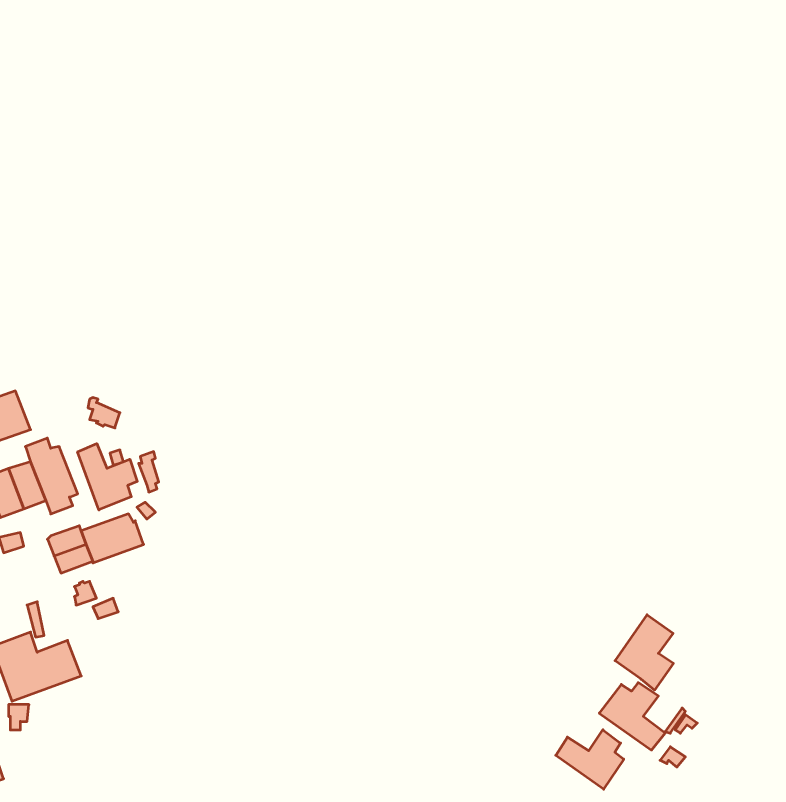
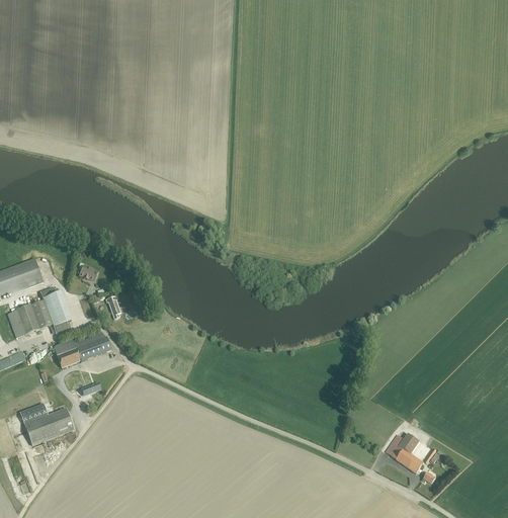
building: [78,444,137,510] -> none
building: [615,615,673,690] -> none
building: [556,730,624,789] -> none

